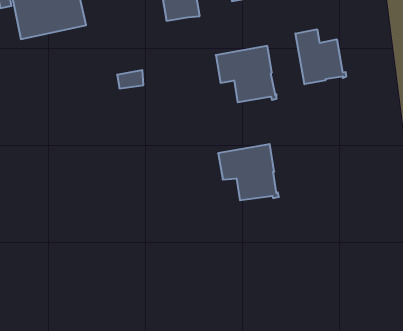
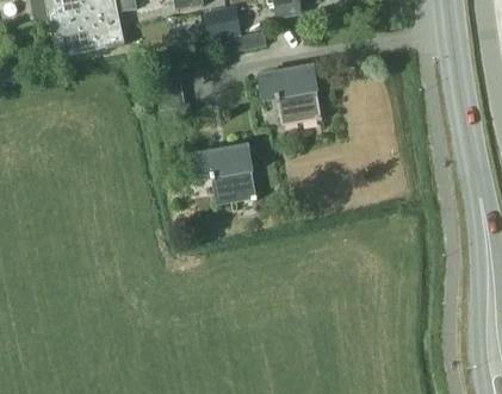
building: [295,29,346,84] -> none
building: [218,144,279,200] -> [194,143,258,201]

